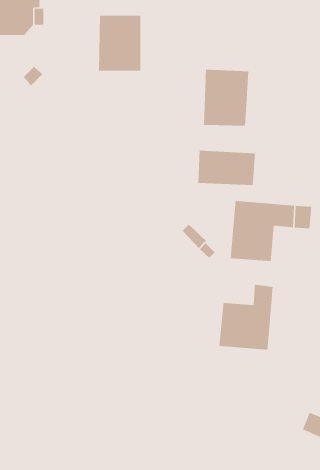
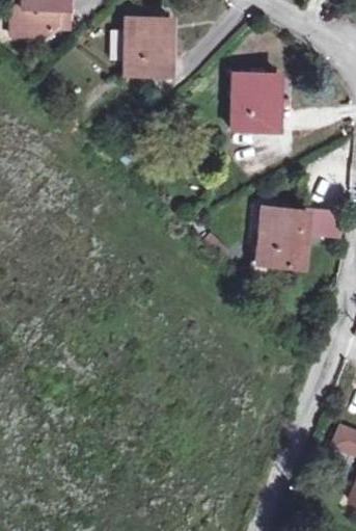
building: [198,150,256,186] -> none
building: [219,284,273,350] -> none

